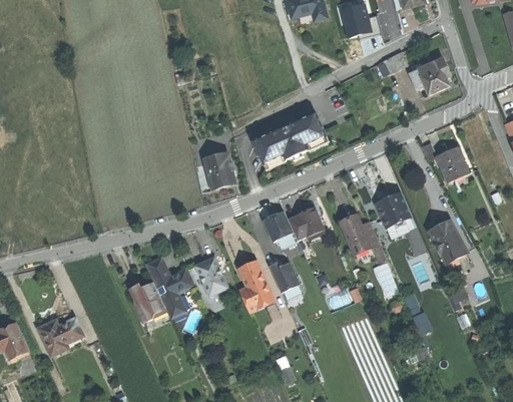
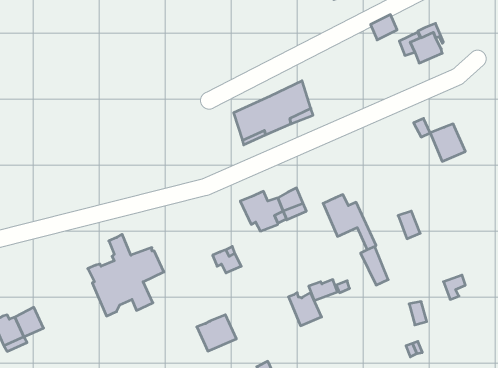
building: [204,152,233,186] -> none
building: [377,192,412,228] -> none
building: [430,222,467,263] -> none
building: [194,259,226,292] -> none
building: [269,262,299,292] -> [288,293,322,326]
building: [238,279,275,312] -> [197,315,236,351]

